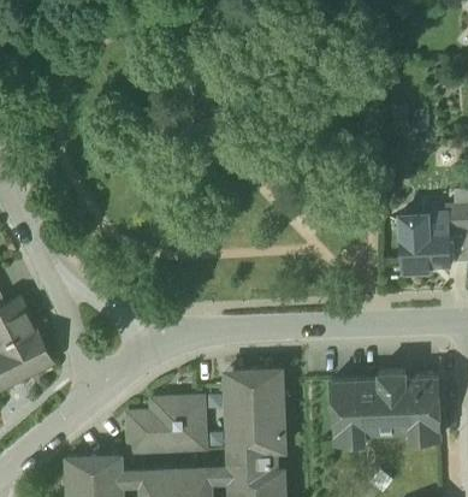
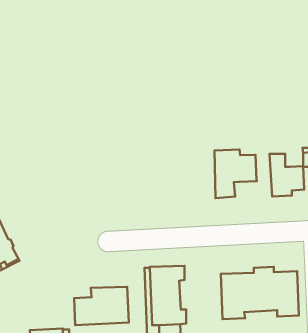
building: none -> [214,149,257,198]

